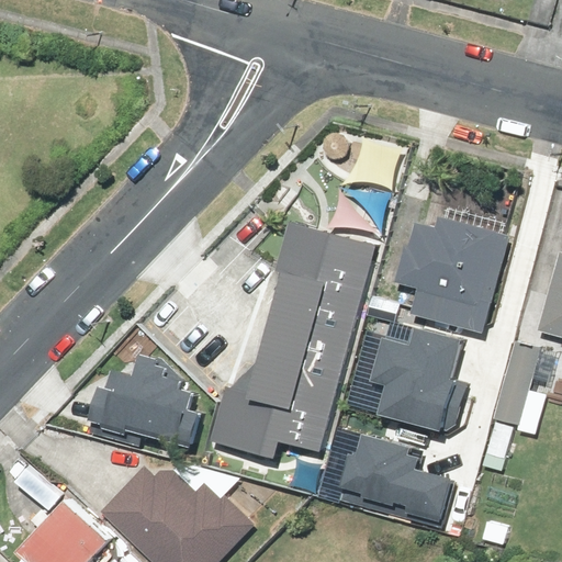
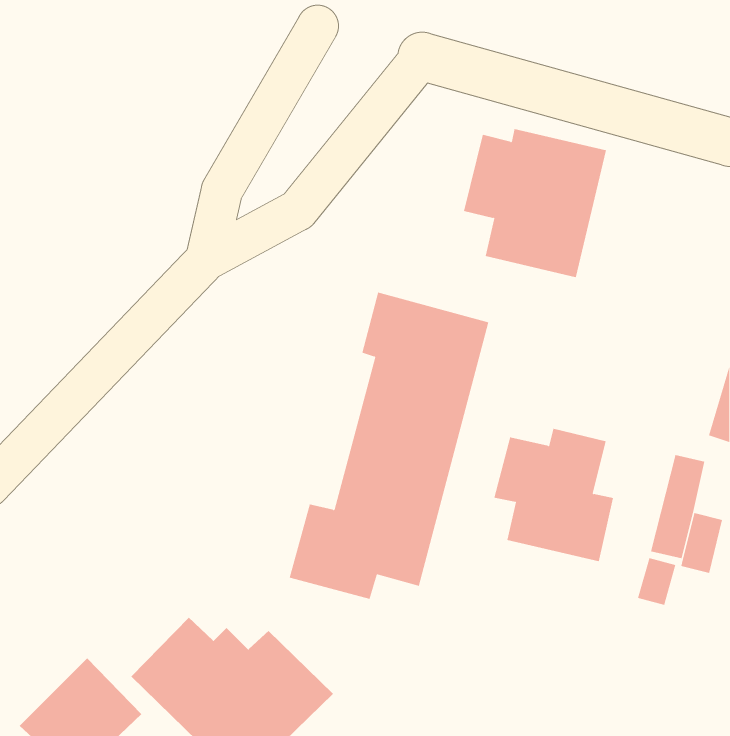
building: [394,222,503,335] -> [463,128,607,278]
building: [93,352,205,445] -> none
building: [342,432,452,514] -> none

